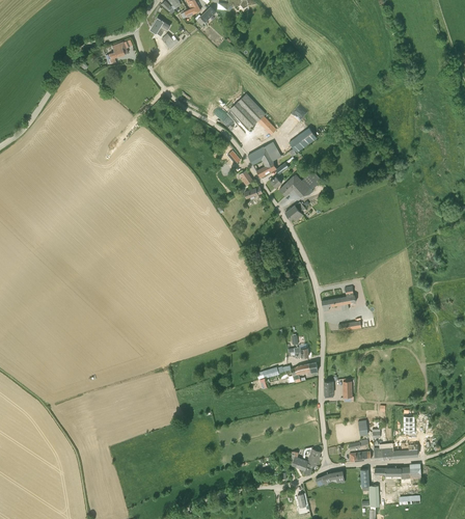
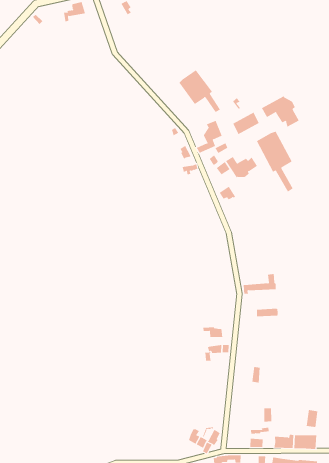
building: none -> [261,95,300,128]
building: none -> [256,131,293,192]

